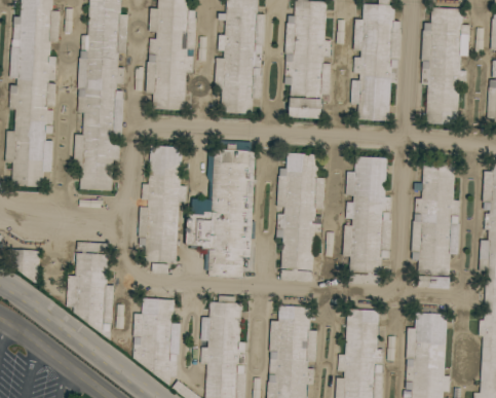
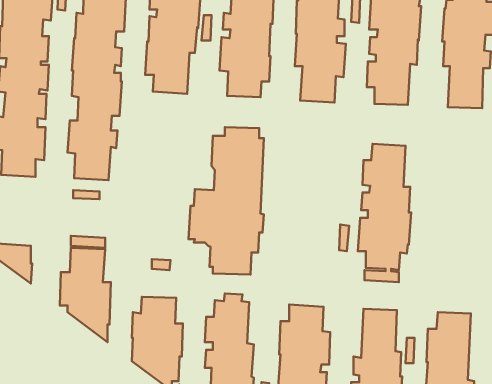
building: [138,144,186,261] -> none
building: [276,152,325,281] -> none
building: [411,159,459,287] -> none

